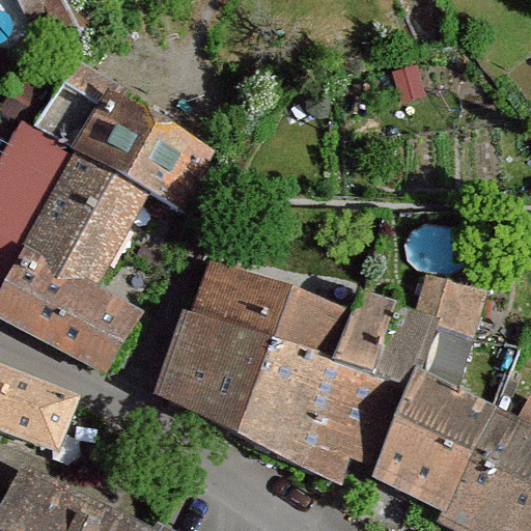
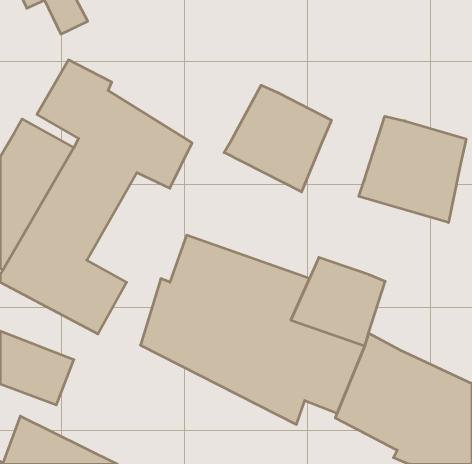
building: none -> [224,85,331,192]
building: none -> [359,116,466,223]
building: [414,270,481,394] -> none

